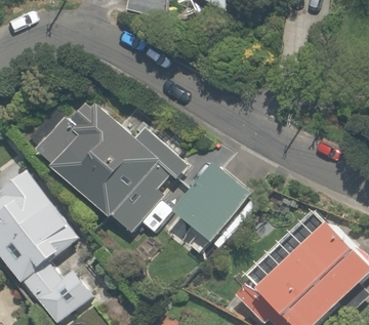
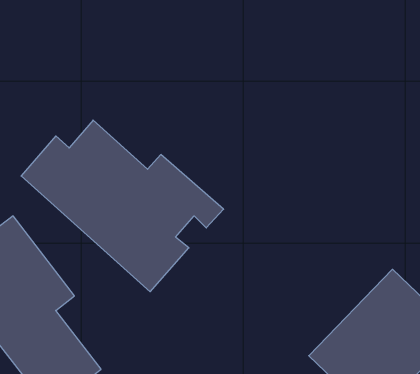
building: [175,164,253,244] -> none

